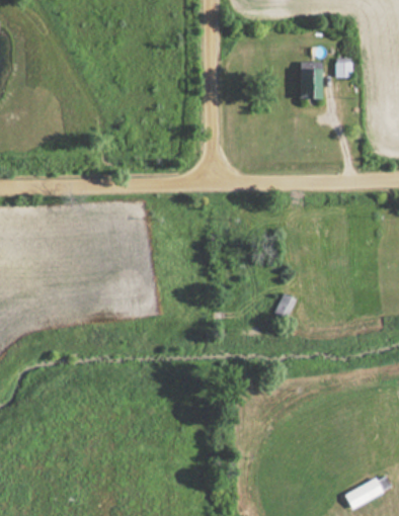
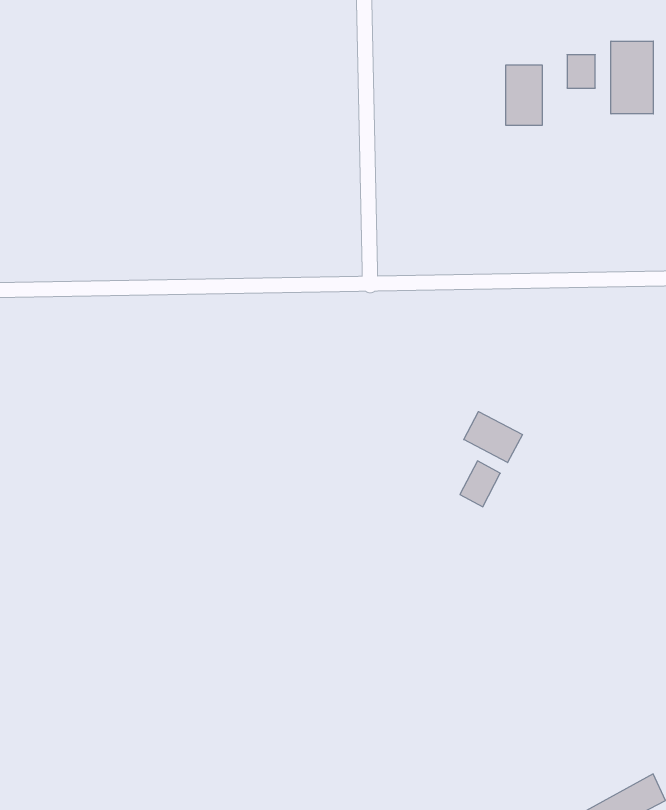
building: none -> [611,41,653,114]
building: none -> [464,412,522,463]

